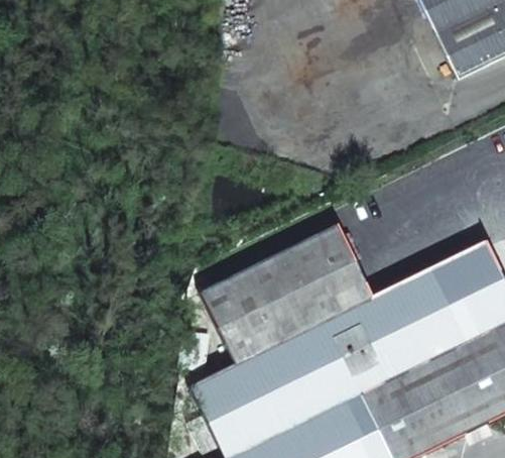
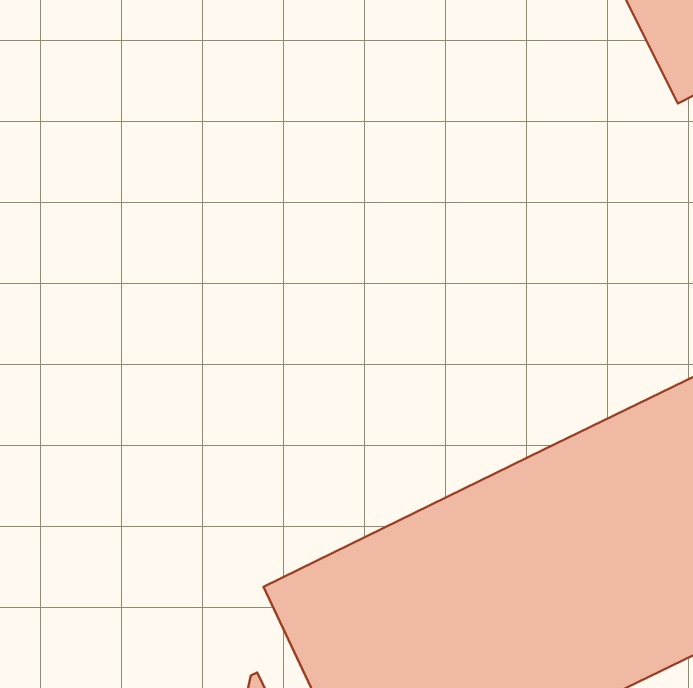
building: [202,225,373,364] -> none

